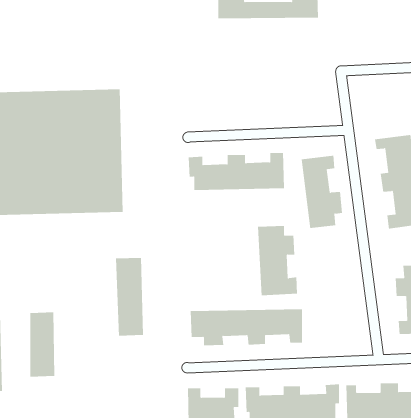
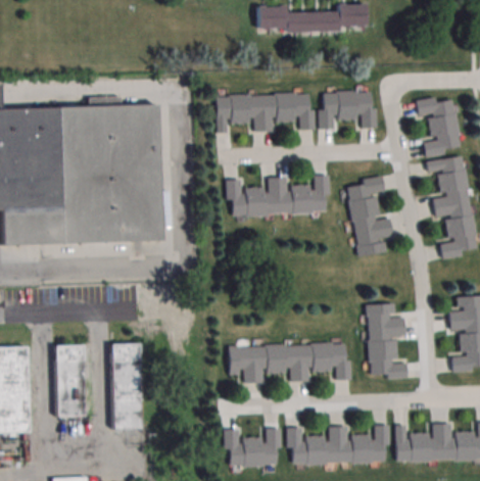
building: none -> [320,90,376,130]
building: none -> [215,93,315,134]
building: none -> [417,96,461,155]
building: [257,226,298,296] -> [365,303,409,379]
building: [115,257,144,336] -> [110,345,141,430]

